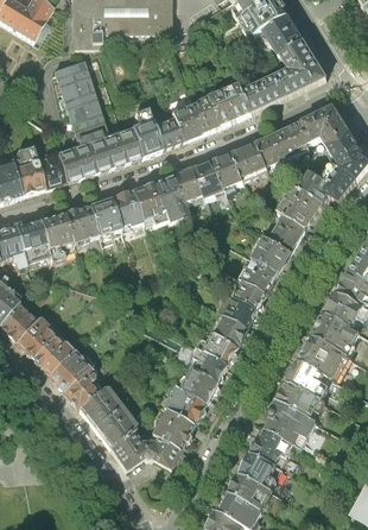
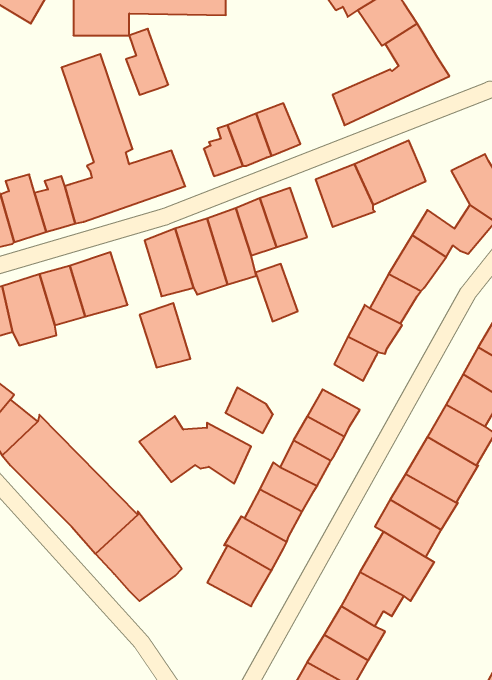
building: [210,84,253,124] -> none
building: [298,103,351,144] -> none
building: [132,107,161,153] -> [126,29,168,95]
building: [215,149,245,189] -> [255,264,298,321]
building: [89,191,125,236] -> [140,303,190,367]
building: [237,278,271,310] -> [225,387,273,433]
building: [109,427,188,474] -> [139,416,251,484]

